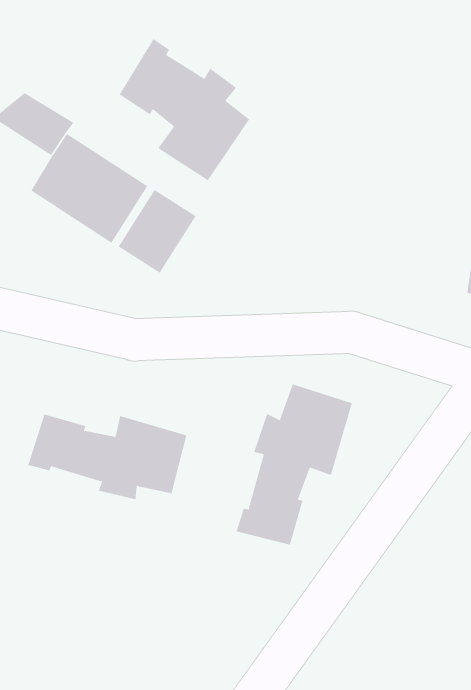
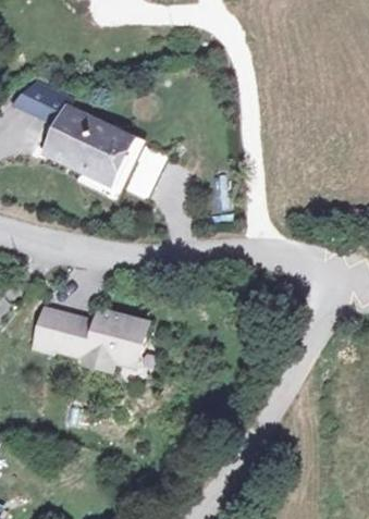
building: [119,38,250,181] -> none
building: [236,383,352,546] -> none

